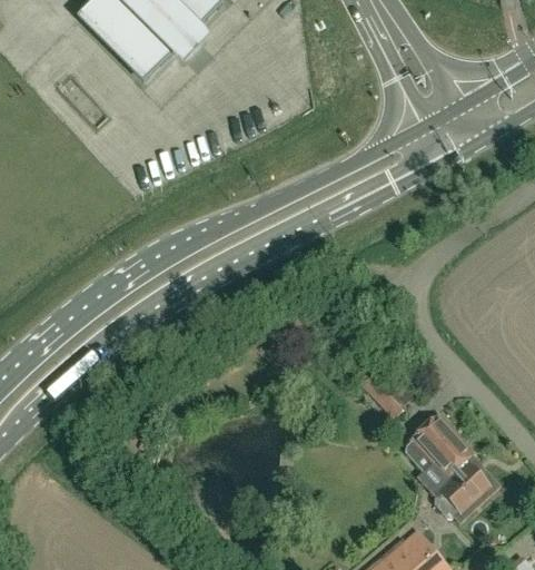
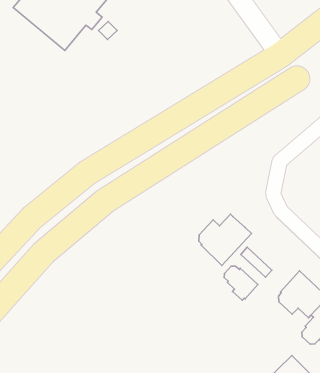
building: none -> [199,214,252,265]
building: none -> [224,266,258,300]

